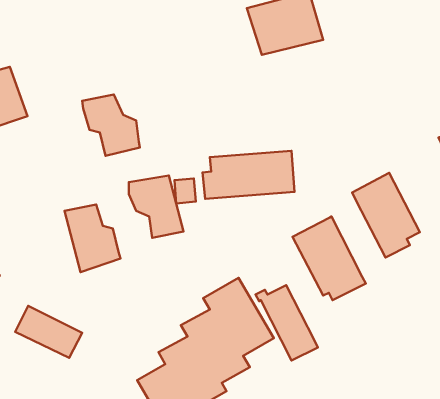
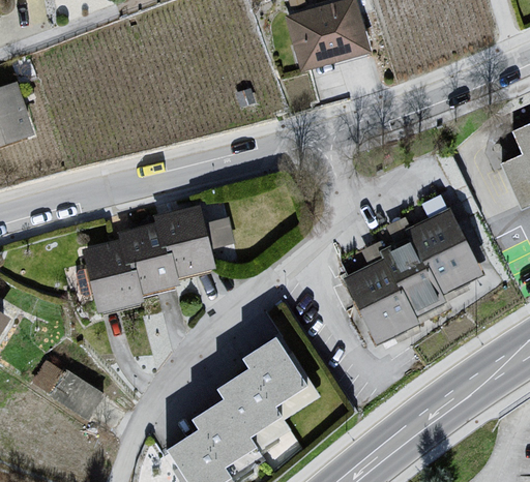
building: [82,94,140,156] -> [119,225,183,294]
building: [203,151,294,199] -> none
building: [255,285,318,361] -> [376,238,445,322]

